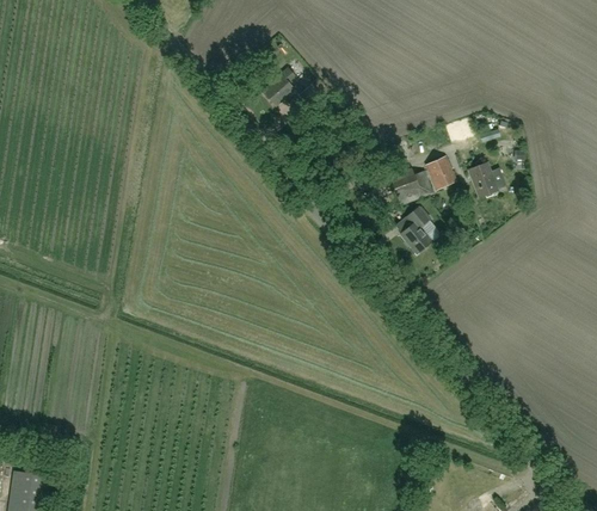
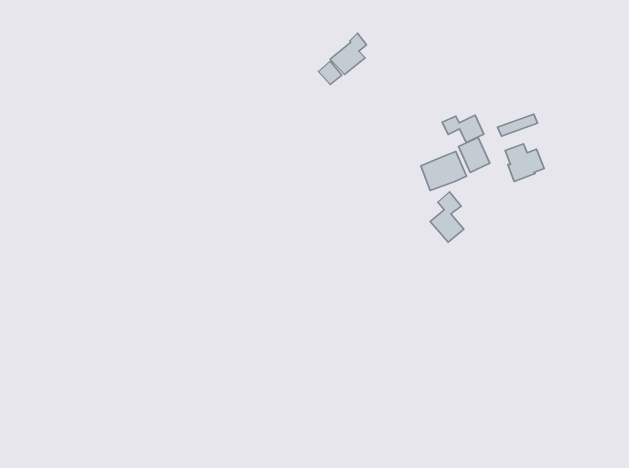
building: [261,67,295,105] -> [330,33,367,75]
building: none -> [442,115,484,143]

